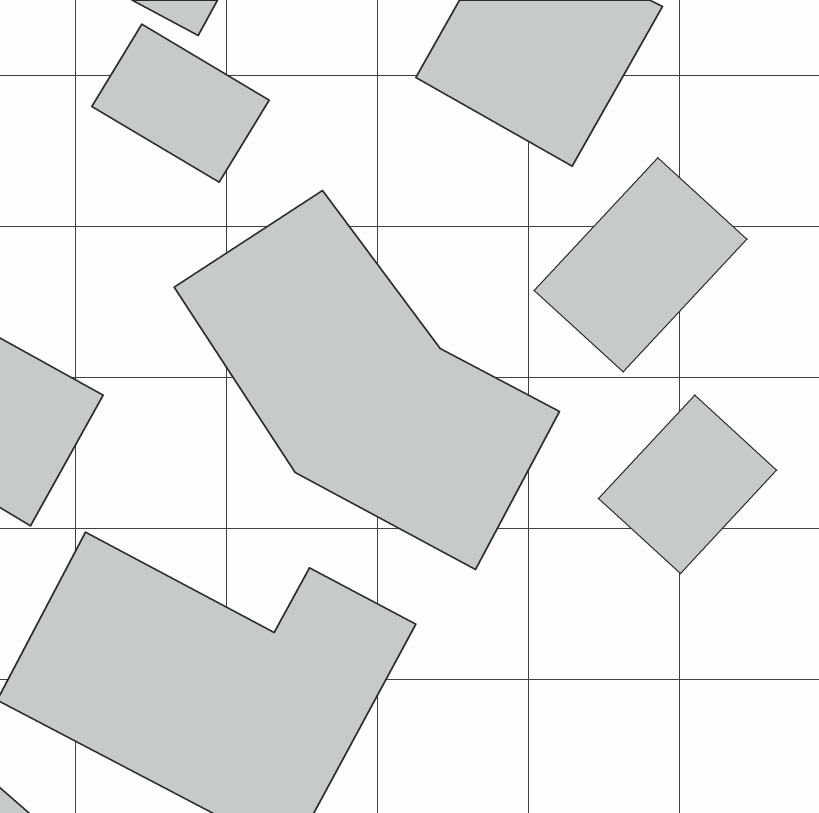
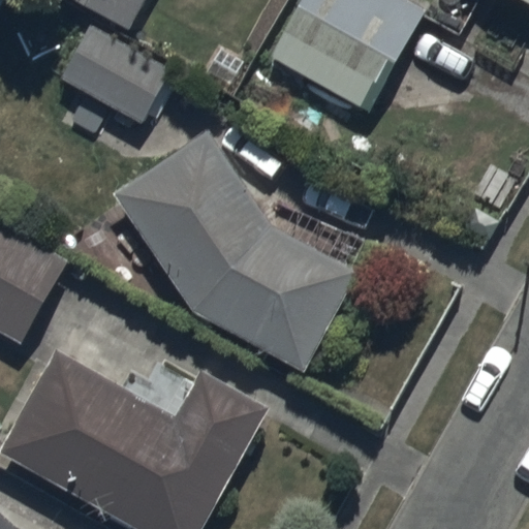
building: [534,158,747,372] -> none
building: [599,395,777,574] -> none

